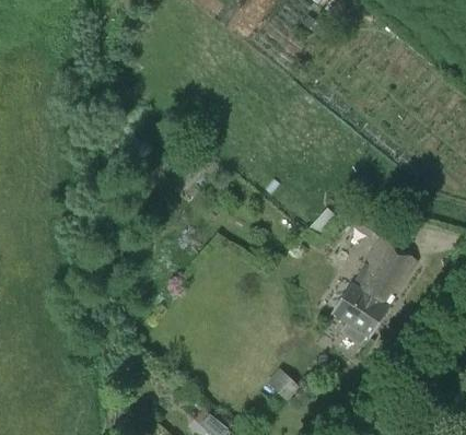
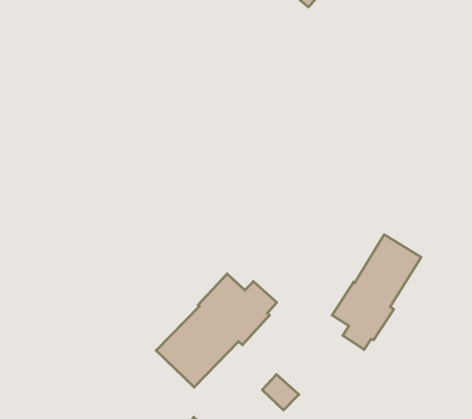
building: none -> [156,274,277,387]

